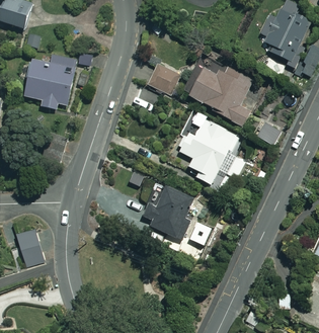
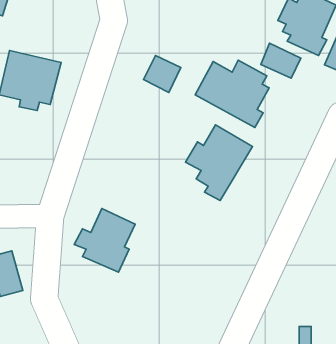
building: none -> [261,43,301,78]
building: [145,186,196,240] -> [74,208,135,272]

